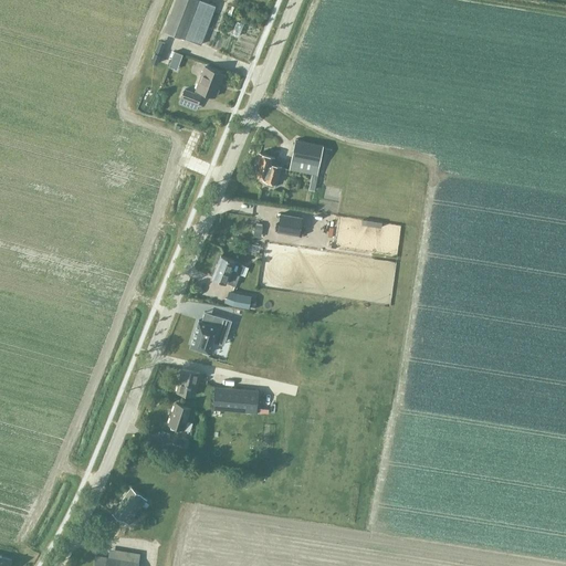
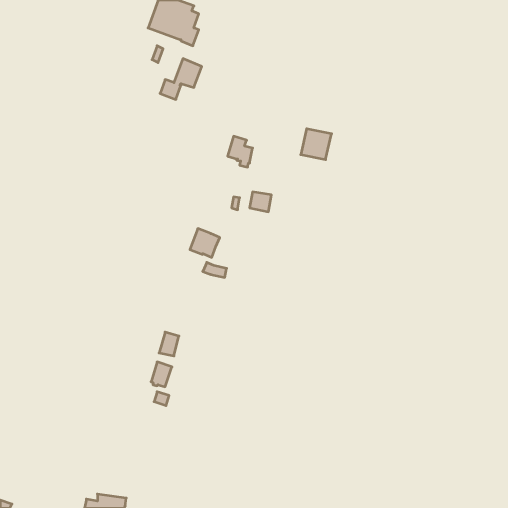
building: [290,140,324,175] -> [301,129,332,160]
building: [189,315,231,354] -> none
building: [212,388,272,416] -> none
building: [113,489,146,524] -> none

